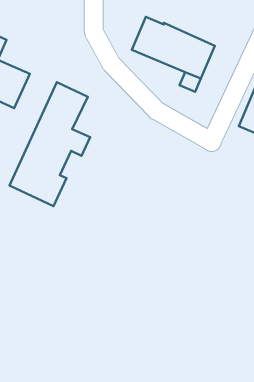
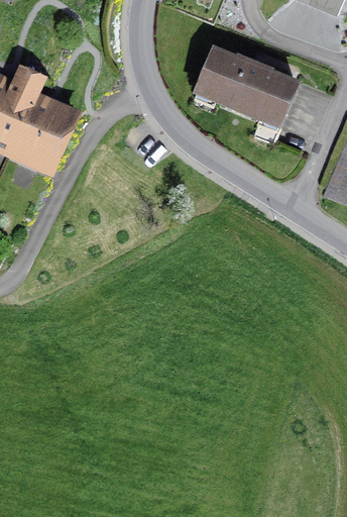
building: [9,82,90,206] -> none

